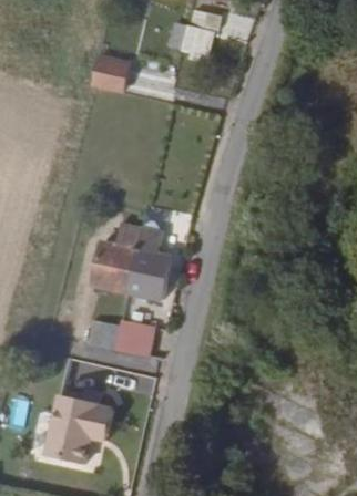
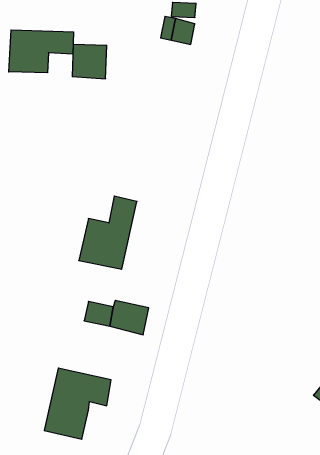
building: none -> [9,30,73,73]
building: [130,221,170,298] -> none

